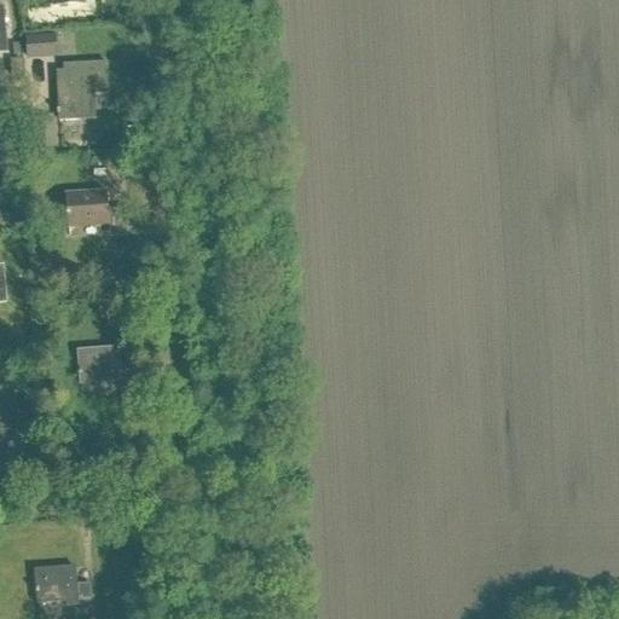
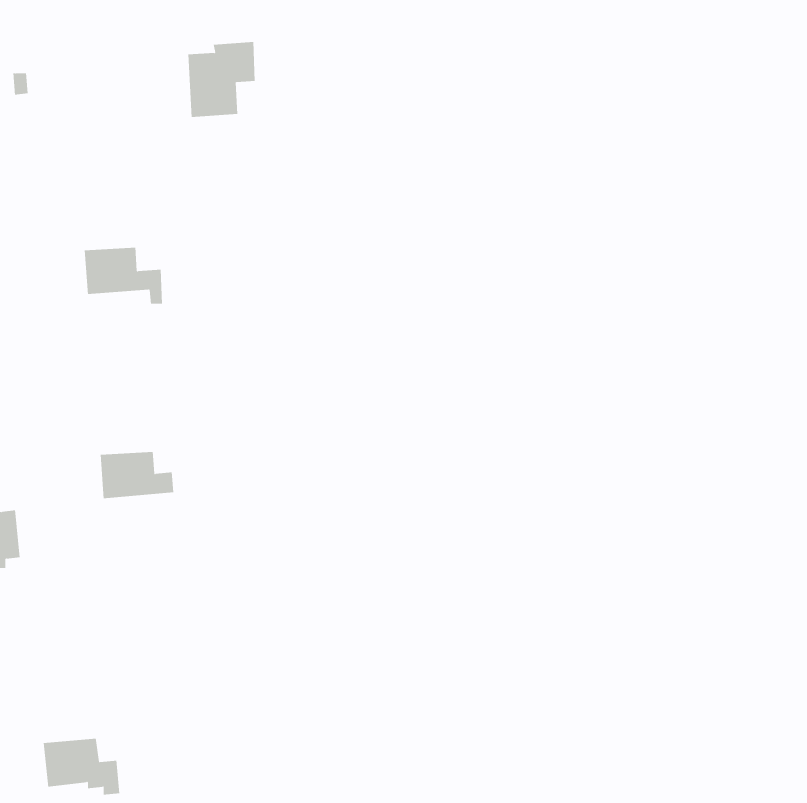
building: [24,30,56,57] -> none
building: [54,59,106,117] -> [188,41,256,117]

